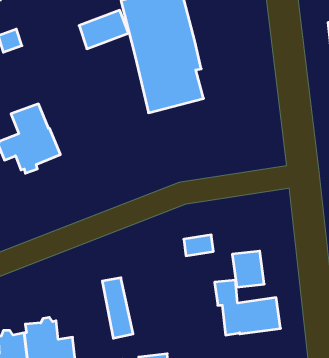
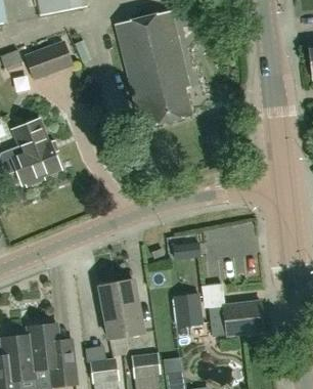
building: [79,10,129,49] -> [27,42,73,78]
building: [232,251,264,287] -> [174,293,204,327]
building: none -> [116,278,142,334]

